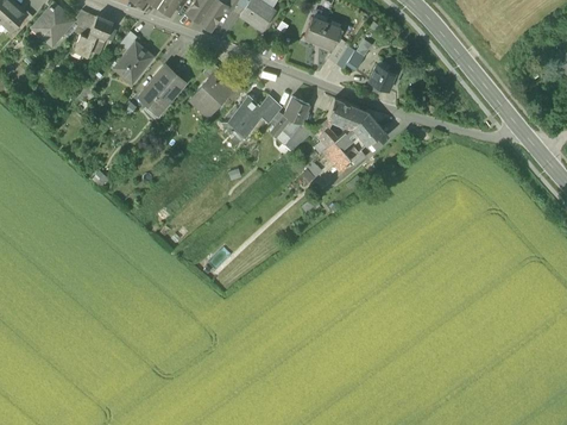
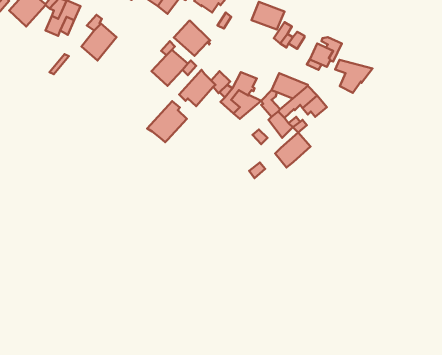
building: none -> [174,21,210,56]
building: [140,65,184,112] -> none
building: none -> [335,60,372,93]
building: none -> [147,101,187,142]
building: none -> [275,133,311,167]

